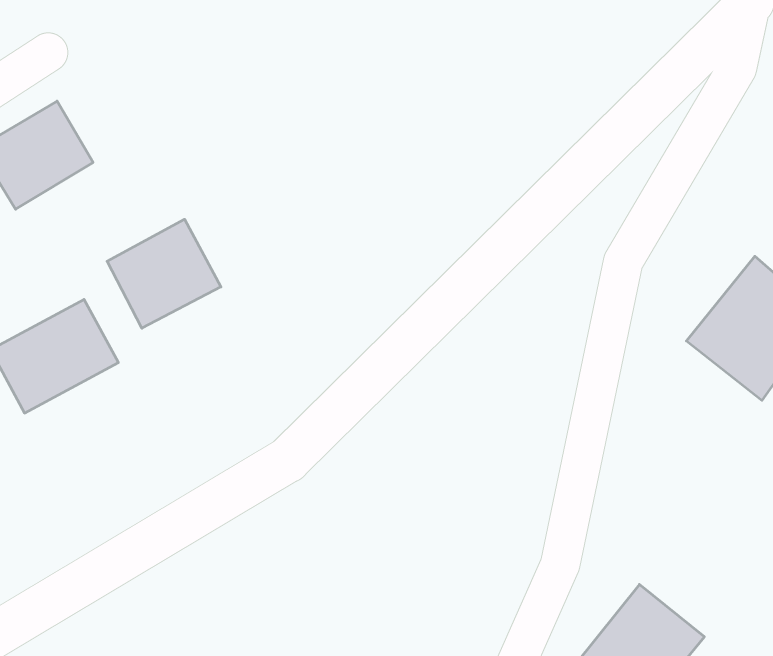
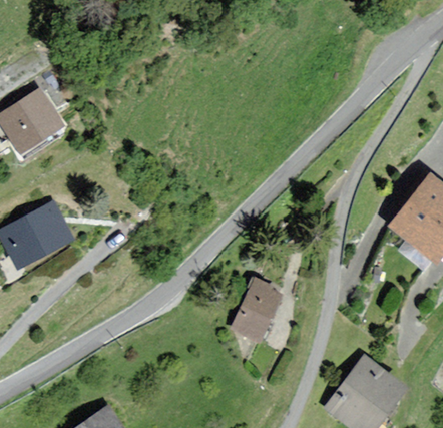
building: [107,219,221,328] -> none
building: none -> [231,279,278,339]

